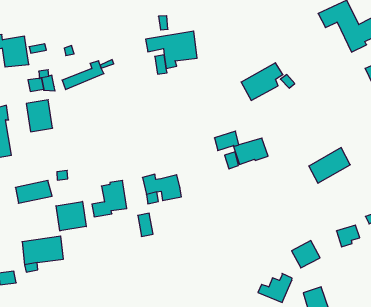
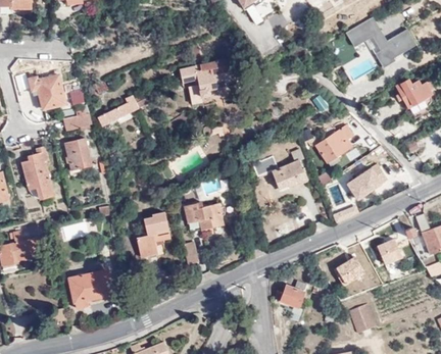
building: [241,63,283,100] -> [315,123,356,162]
building: [56,201,86,231] -> none
building: [258,273,292,302] -> [274,280,306,308]

